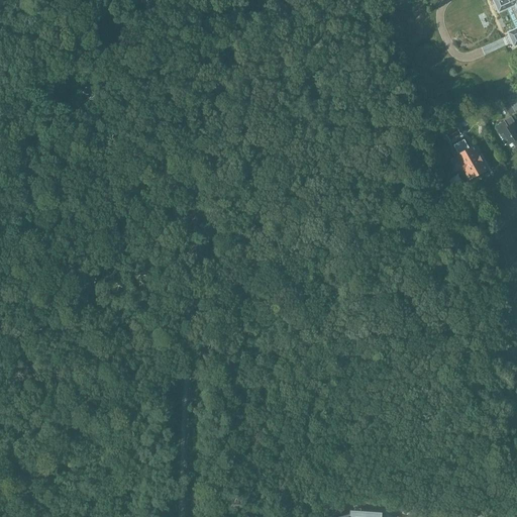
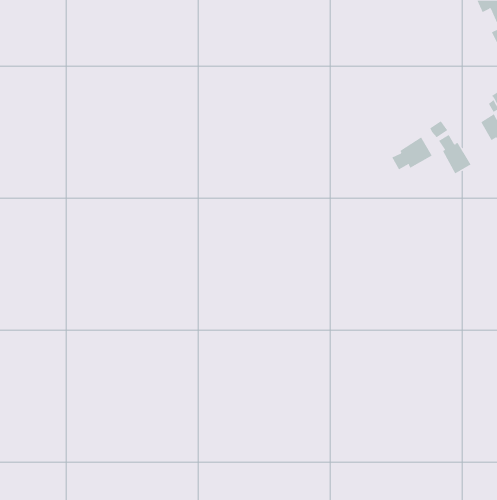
building: none -> [392,137,432,170]

